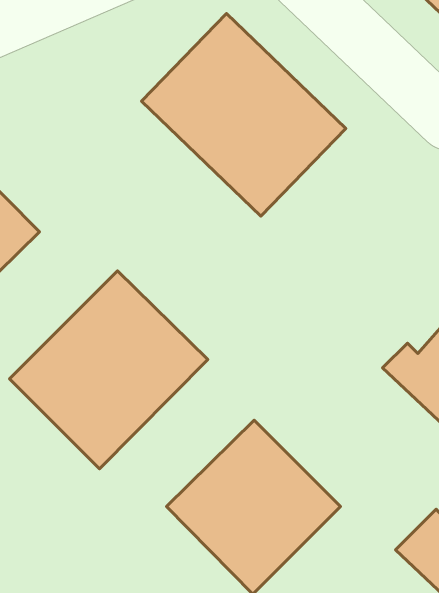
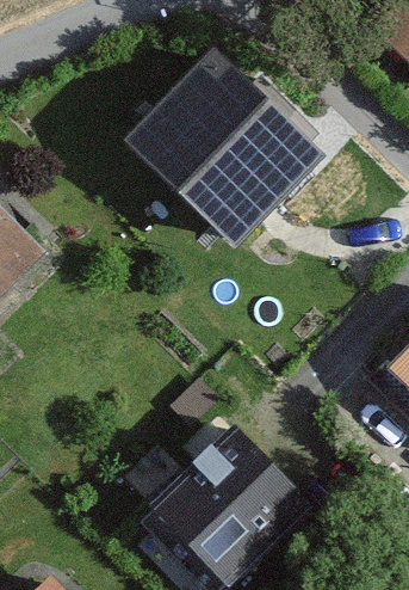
building: [9,271,208,469] -> none

